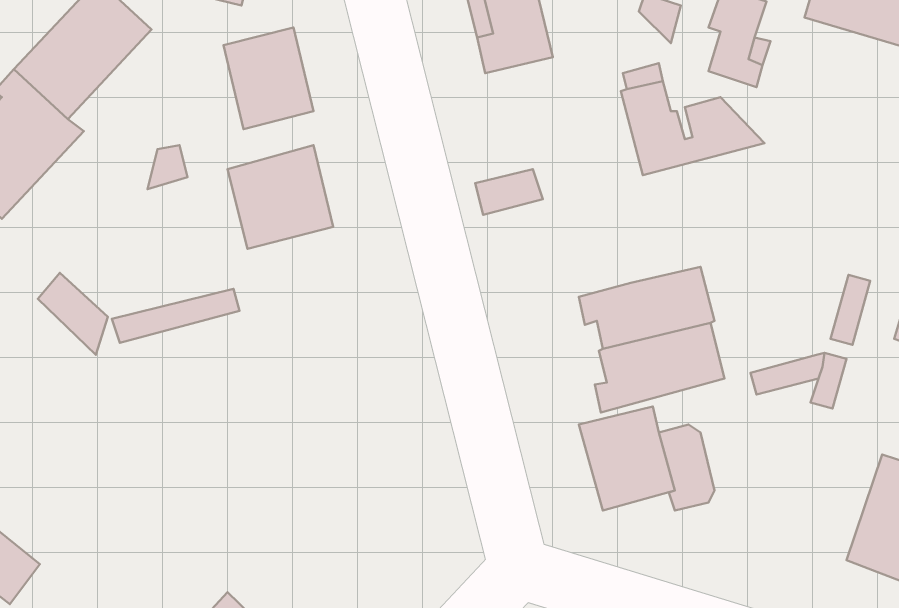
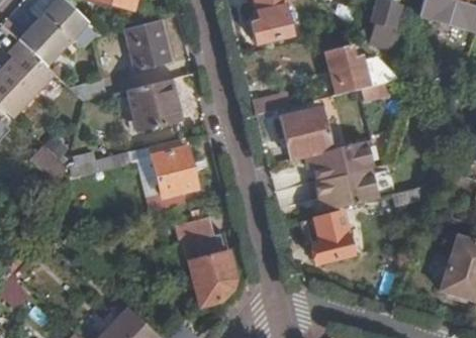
building: none -> [281,107,331,158]
building: none -> [148,138,198,211]
building: none -> [179,215,236,306]

